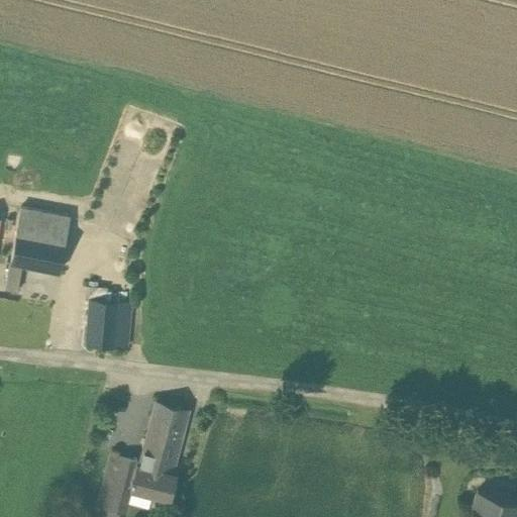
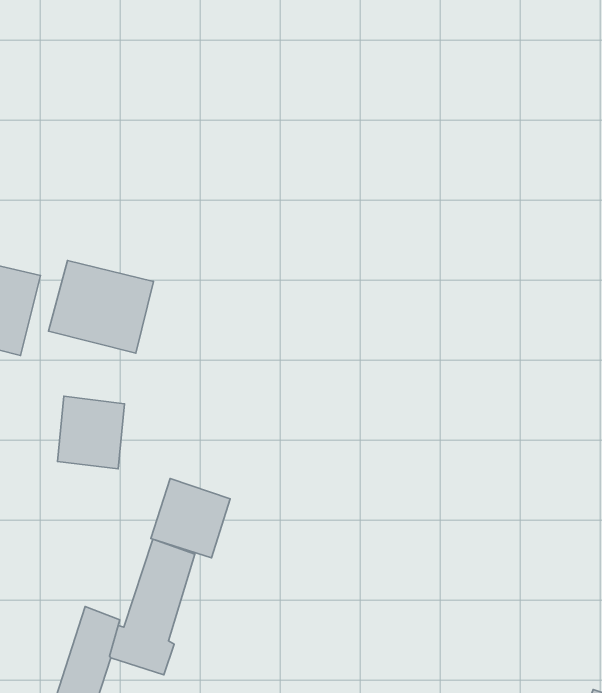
building: none -> [48,260,154,353]
building: none -> [151,478,230,558]

